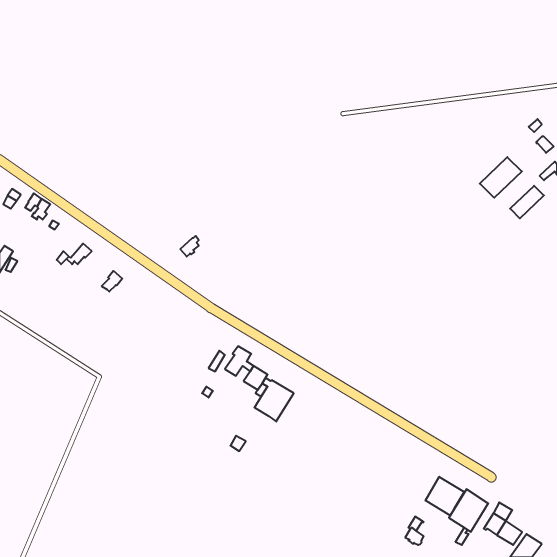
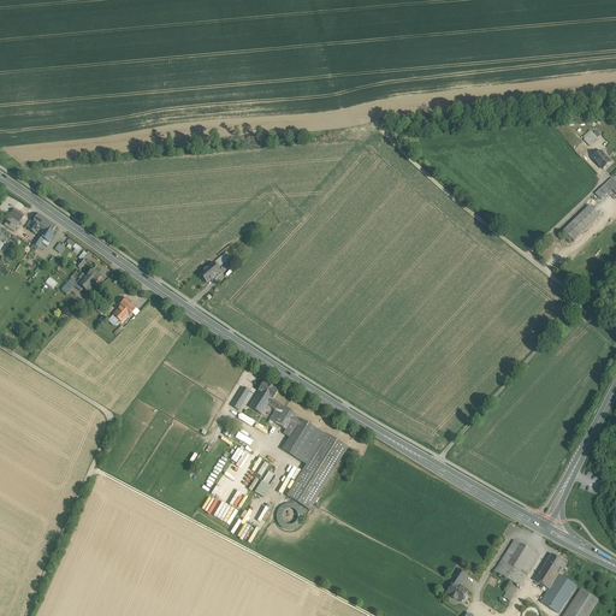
building: [480,157,522,198] -> none
building: none -> [285,433,346,509]
building: [425,477,464,516] -> none

